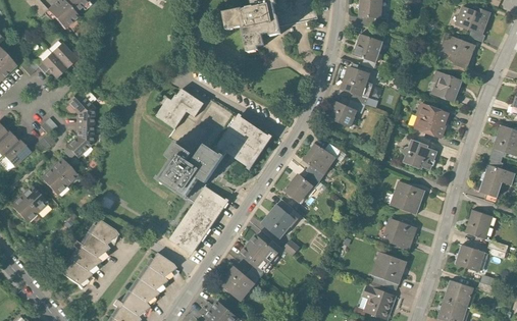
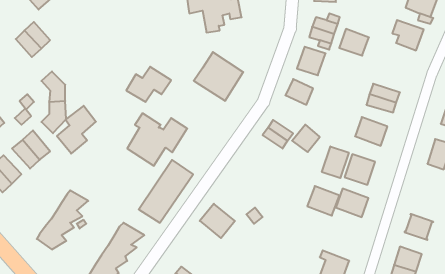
building: [429,72,461,101] -> [339,29,369,56]
building: [216,118,269,170] -> [194,52,243,101]
building: none -> [57,106,96,154]
building: none -> [322,146,349,178]
building: [283,172,313,202] -> [292,125,320,152]
building: [260,204,294,237] -> none
building: [464,209,493,238] -> none
building: [371,253,406,284] -> [307,186,340,216]
building: [218,264,253,299] -> none

